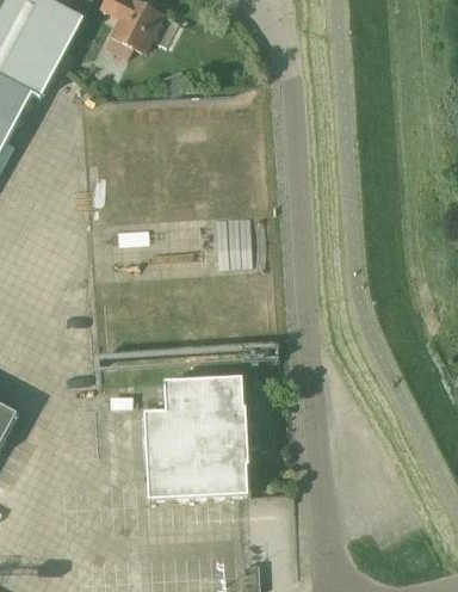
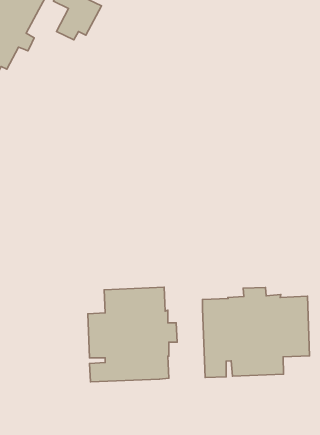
building: none -> [202,287,310,377]

